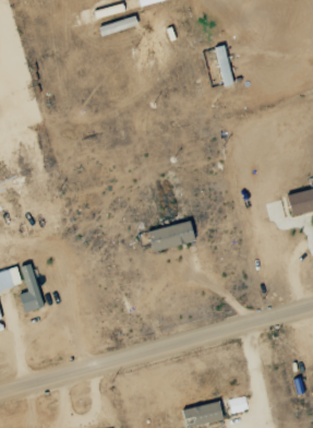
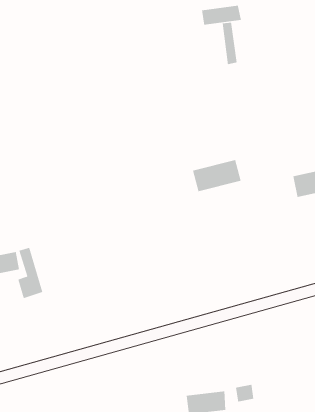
building: none -> [202,5,241,26]
building: [146,221,194,252] -> [192,159,242,192]

